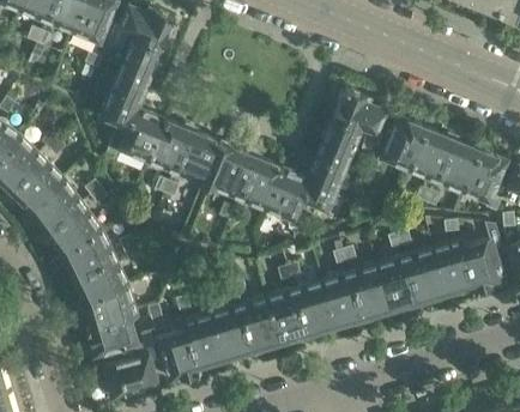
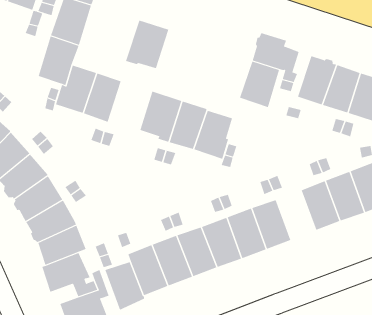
building: [173,131,223,186] -> [125,20,169,69]
building: [301,158,349,213] -> none
building: [350,263,391,317] -> none

